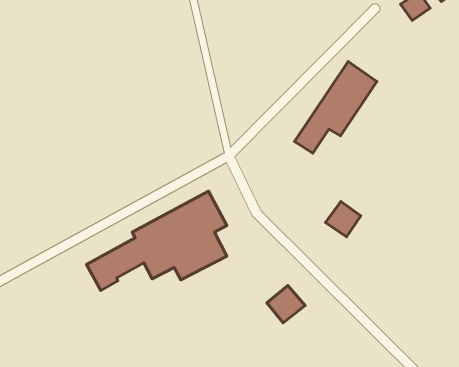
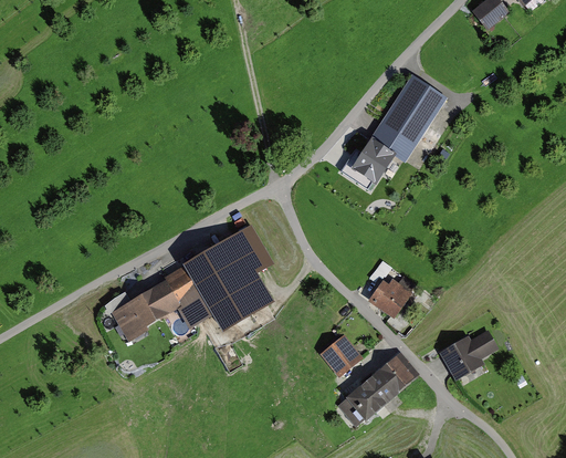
building: [325,202,361,237] -> [370,277,411,318]
building: none -> [438,330,497,381]
building: none -> [339,354,418,425]

